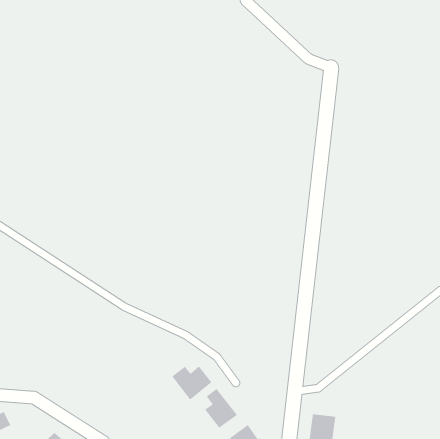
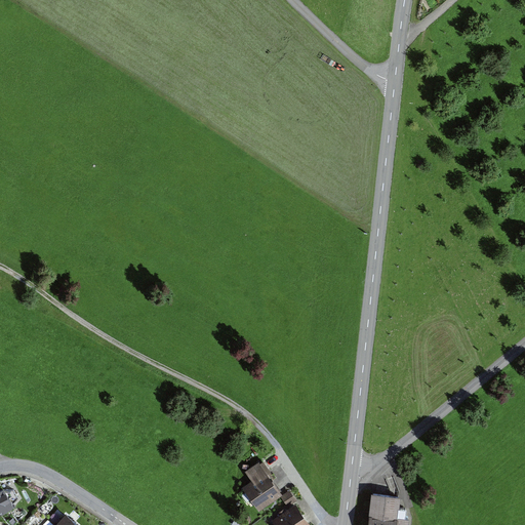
building: [171,365,212,400] -> none

